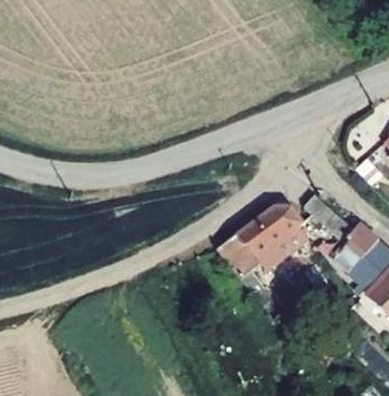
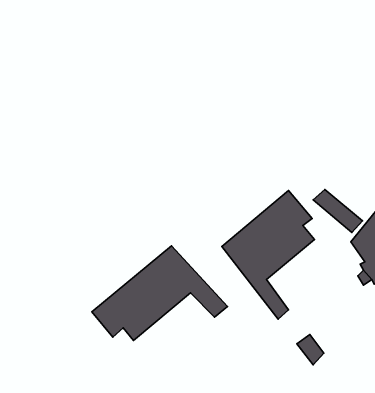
building: none -> [92,246,228,340]

